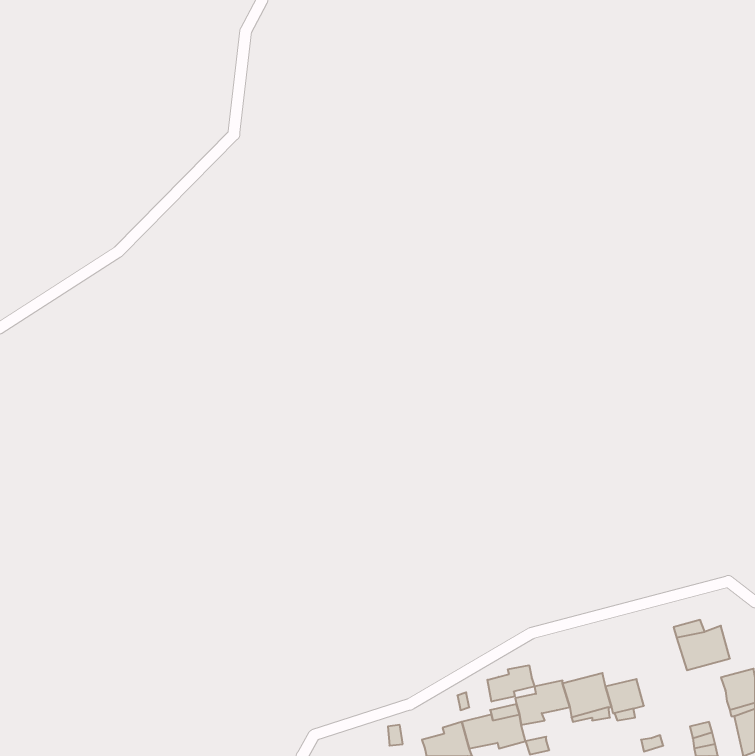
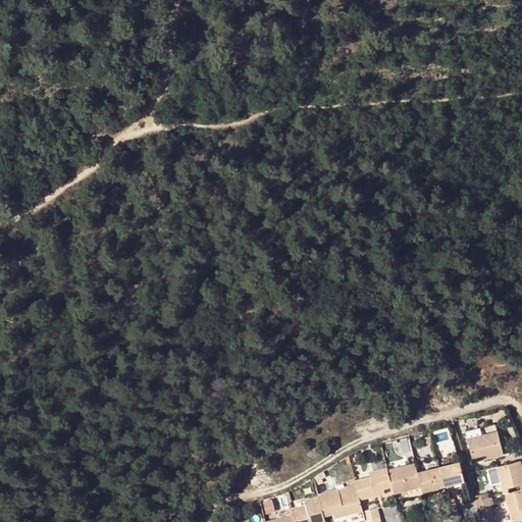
building: [487,665,534,702] -> none
building: none -> [438,463,464,486]

